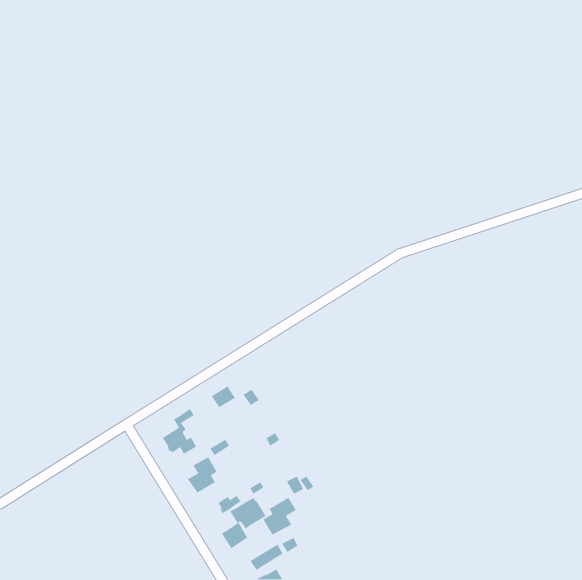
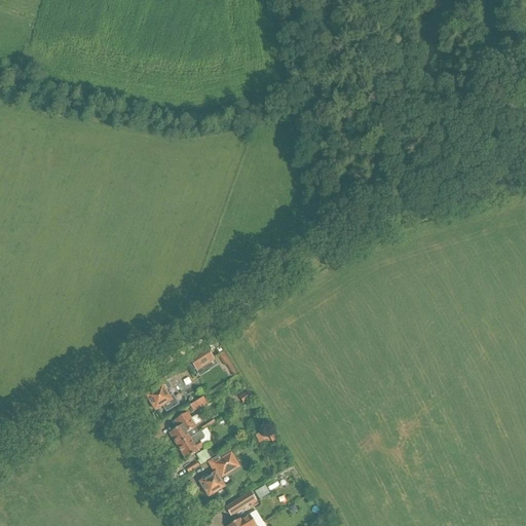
building: none -> [178,430,204,459]
building: [262,497,297,536] -> none

